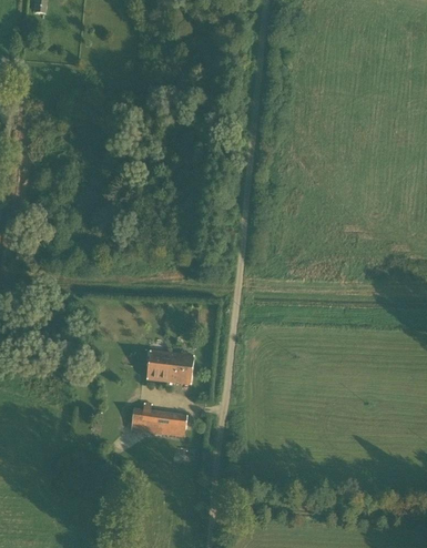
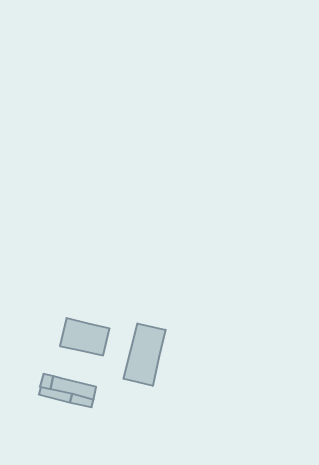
building: none -> [124,323,166,386]

